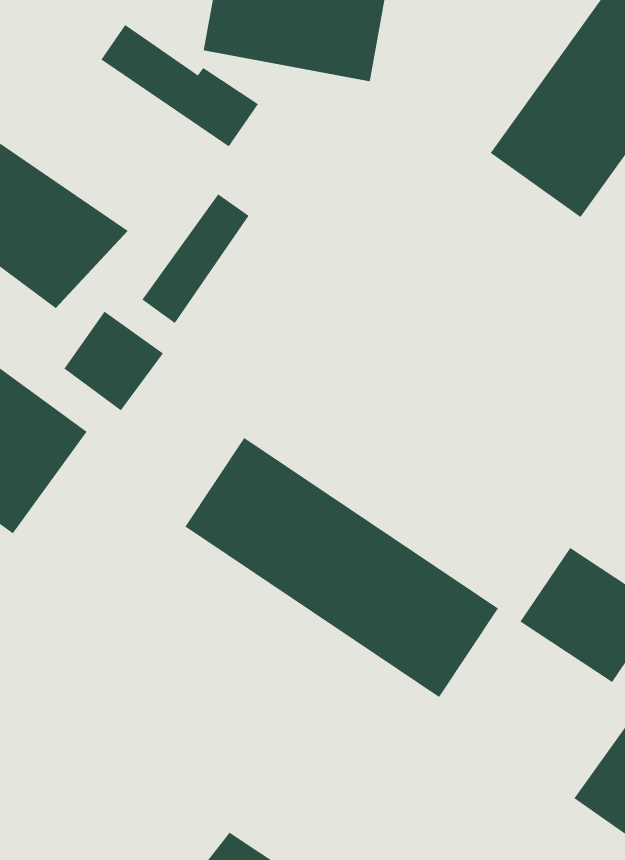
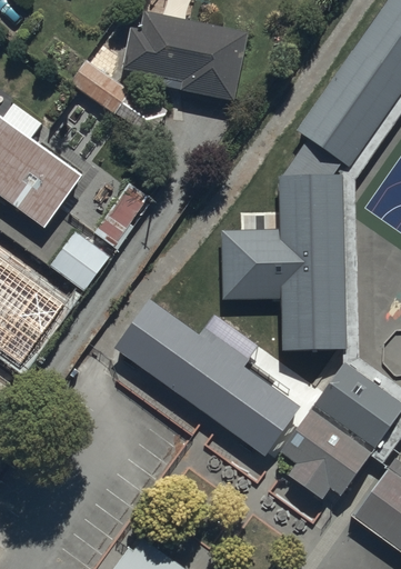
building: none -> [222,168,339,348]
building: none -> [282,413,374,502]

